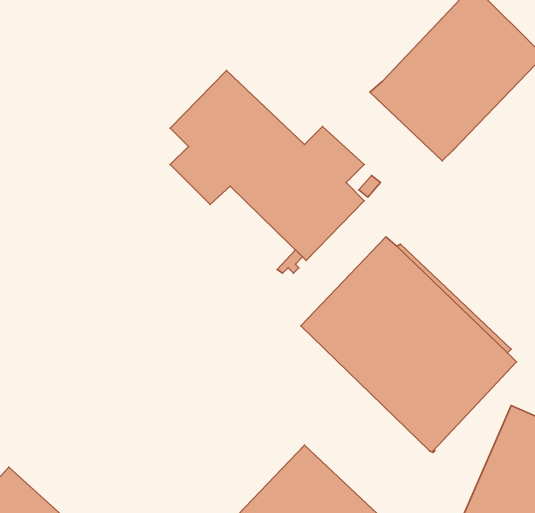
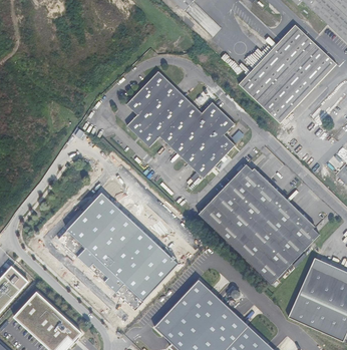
building: none -> [66,193,177,300]

